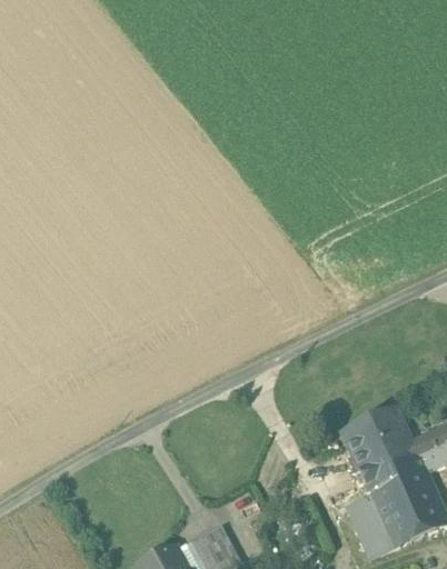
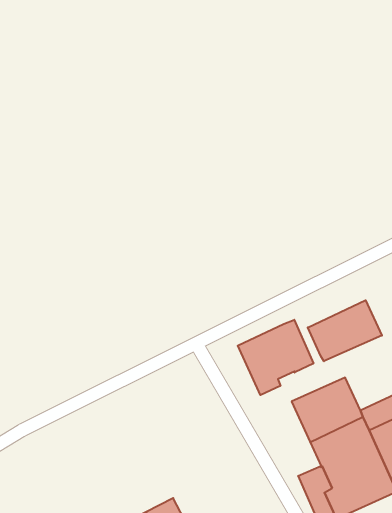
building: none -> [308,300,382,361]
building: none -> [238,320,313,395]

